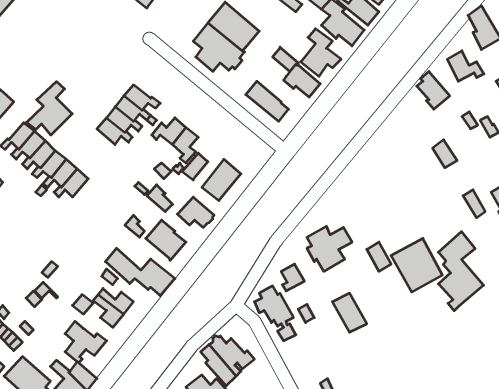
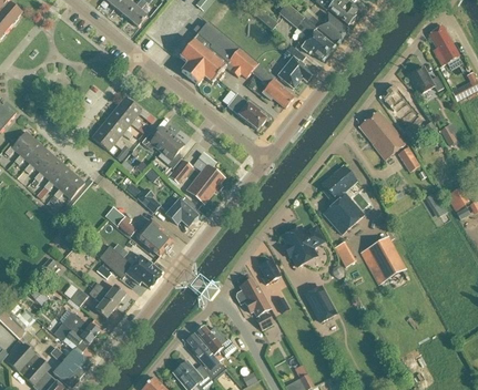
building: none -> [227,48,258,78]
building: [26,82,72,135] -> none
building: none -> [358,110,406,160]
building: [438,232,484,311] -> [323,165,364,237]

